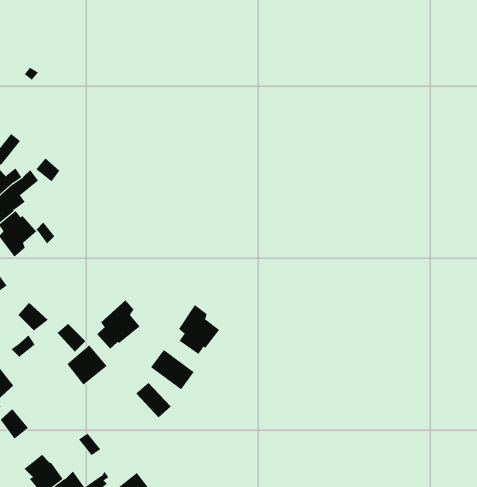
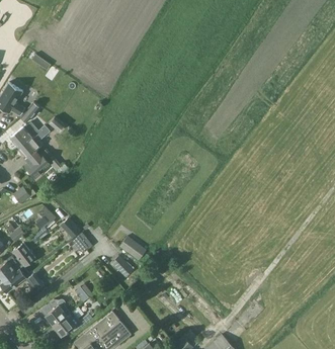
building: [96,299,140,350] -> none
building: [178,304,220,355] -> none

